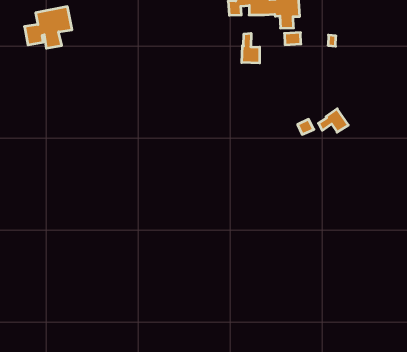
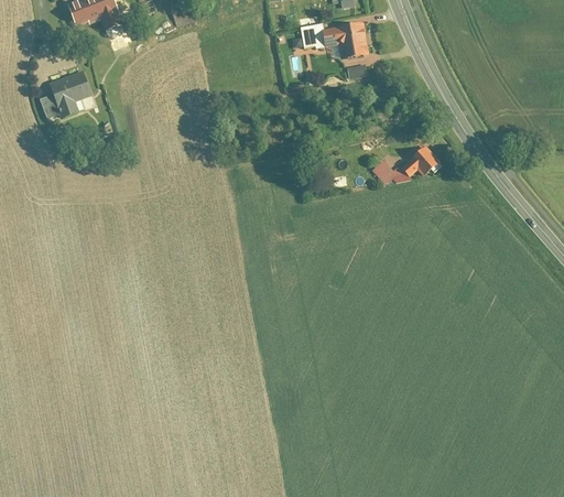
building: [242,33,260,63] -> none

